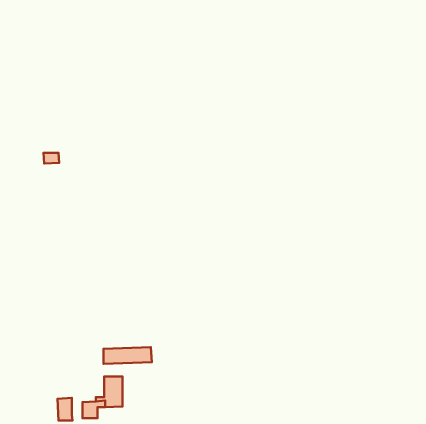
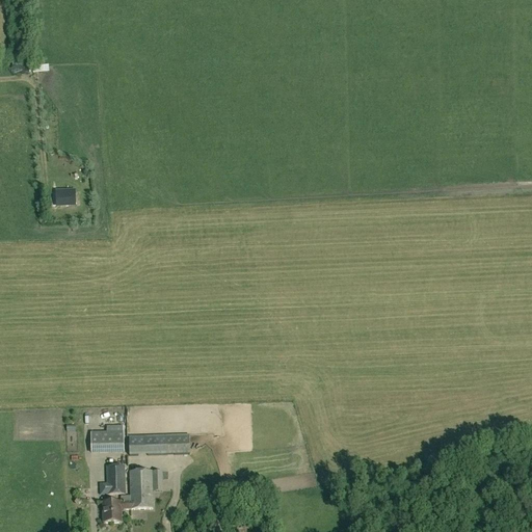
building: none -> [90,429,123,453]
building: [58,398,73,421] -> [107,464,126,493]

